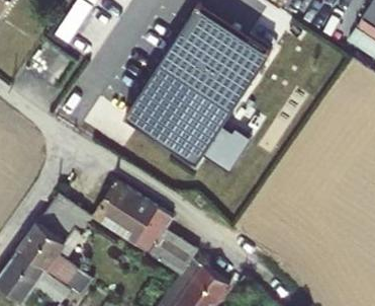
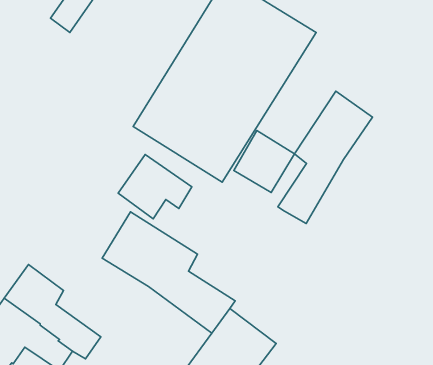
building: none -> [278,91,373,224]
building: [40,196,98,246] -> [118,154,192,219]

